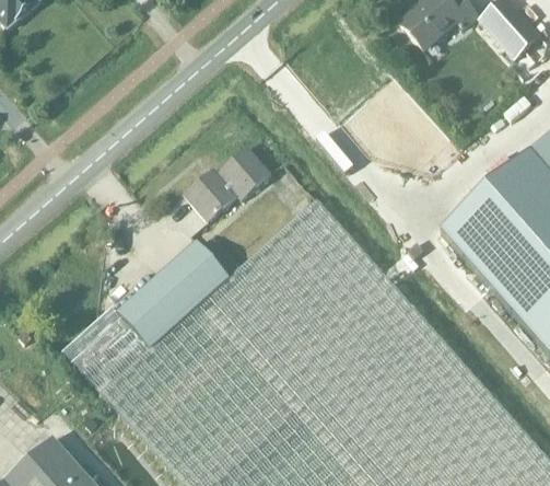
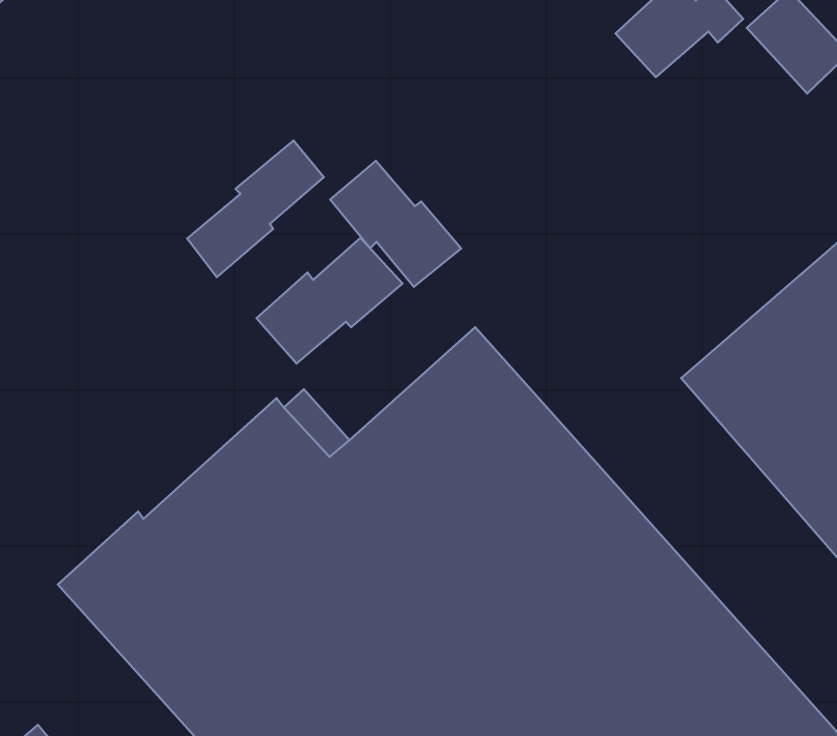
building: none -> [187,140,324,277]
building: none -> [330,161,461,287]

